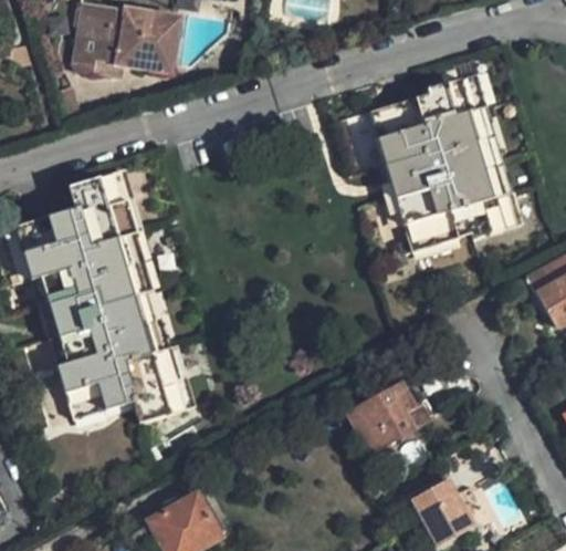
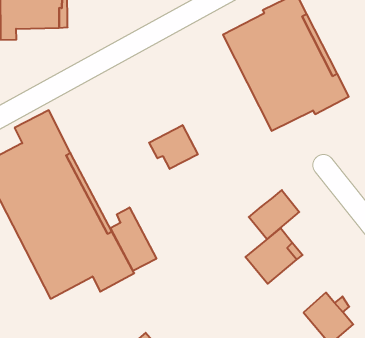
building: none -> [149,125,198,169]
building: none -> [111,207,156,271]
building: none -> [249,190,299,239]

